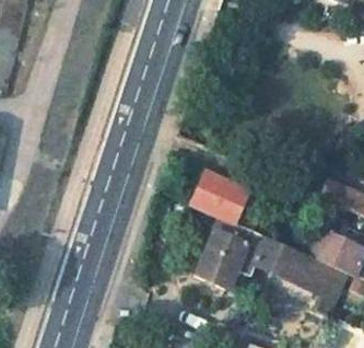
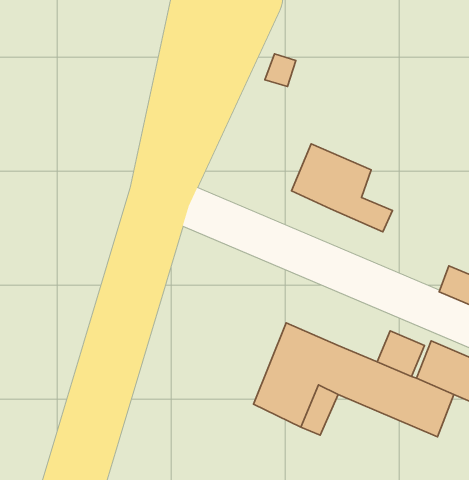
building: [191,174,259,233] -> [291,144,393,232]

